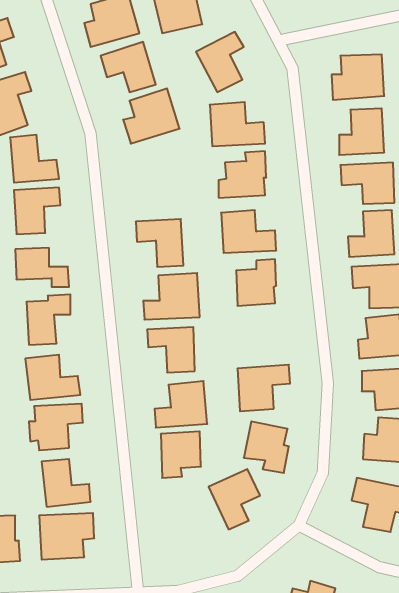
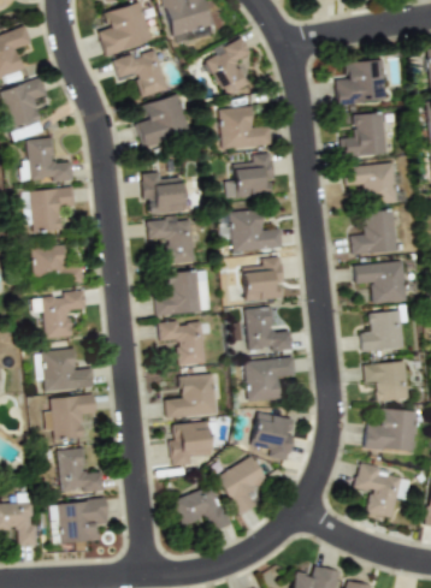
building: none -> [142,172,184,213]
building: none -> [247,307,293,350]
building: none -> [173,485,230,530]

